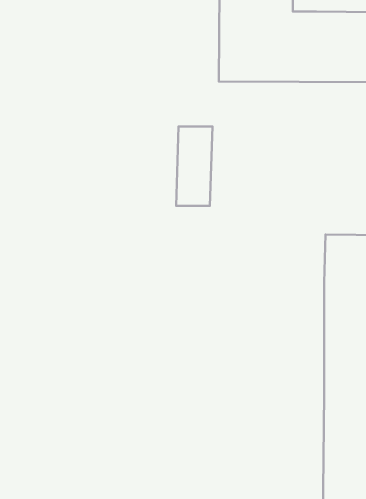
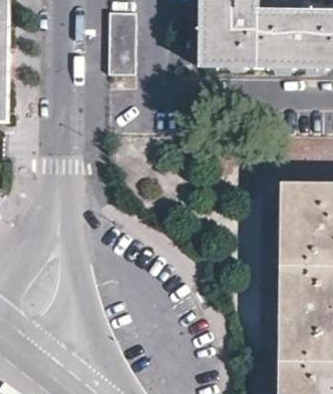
building: [176,127,212,206] -> [102,12,130,73]

